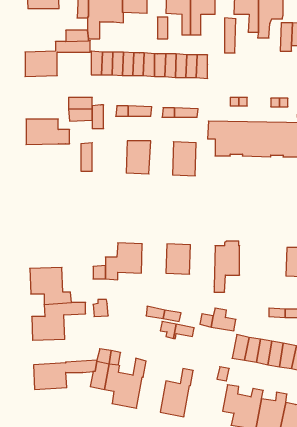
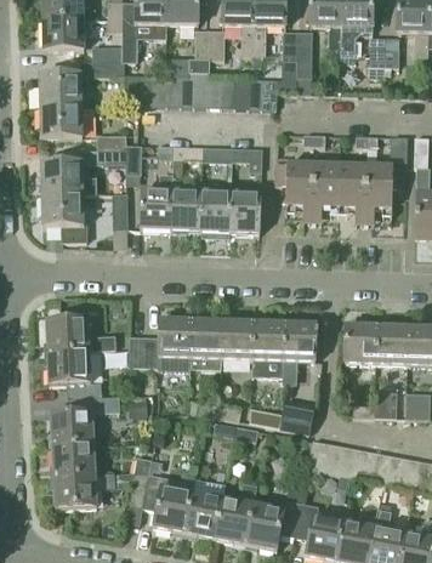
building: none -> [44,19,84,51]
building: none -> [187,30,210,73]
building: none -> [274,32,296,90]
building: none -> [40,106,83,138]
building: none -> [140,172,172,231]
building: none -> [199,189,231,237]
building: none -> [41,193,86,240]
building: none -> [45,320,115,353]
building: none -> [189,322,222,368]
building: none -> [251,323,284,376]
building: none -> [343,325,376,363]
building: none -> [50,444,92,477]
building: none -> [183,493,221,538]
building: none -> [244,500,300,550]

